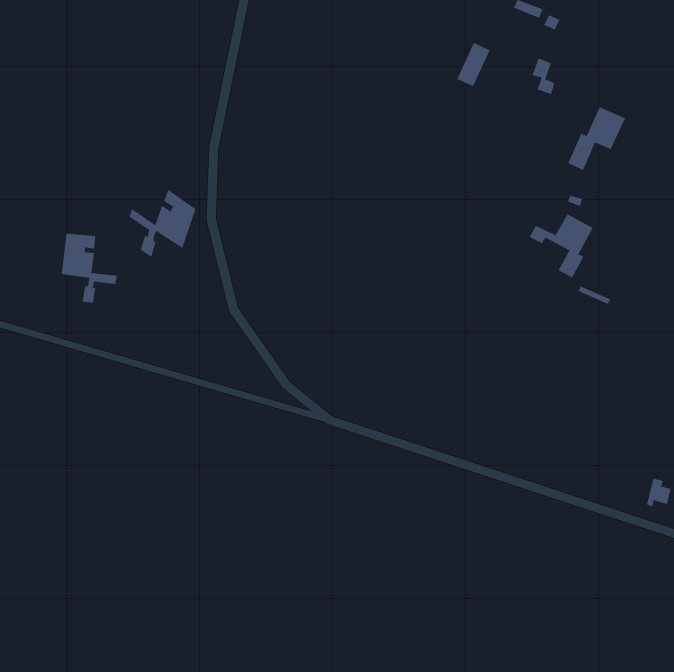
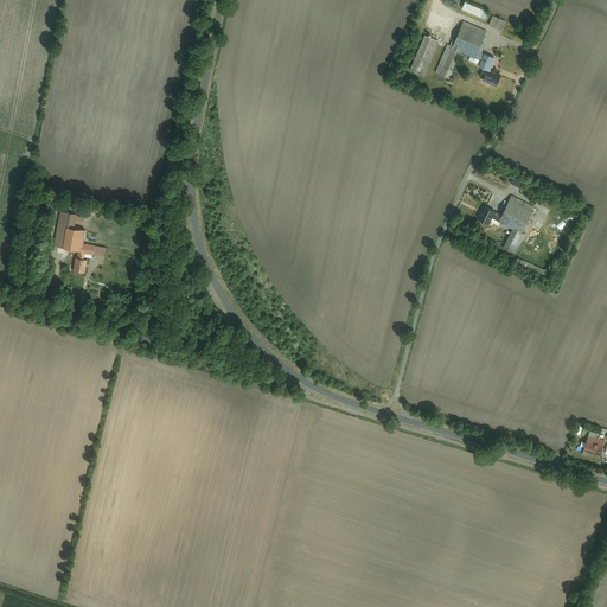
building: [568,106,626,171] -> [435,23,487,81]
building: [129,189,196,258] -> none

